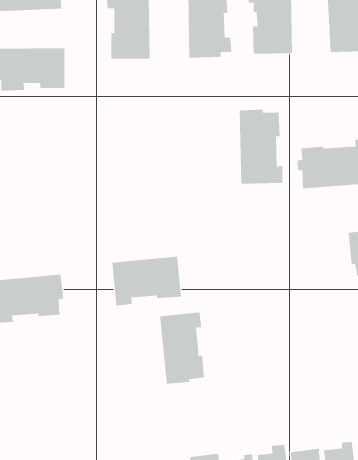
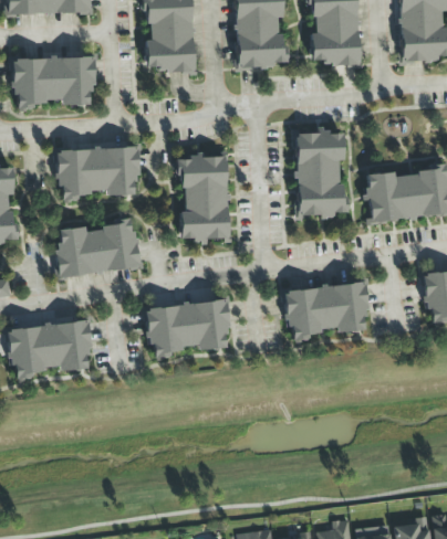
building: none -> [56,148,139,195]
building: none -> [176,157,230,244]
building: none -> [55,222,139,277]
building: none -> [284,283,368,337]
building: [160,312,205,385] -> none

